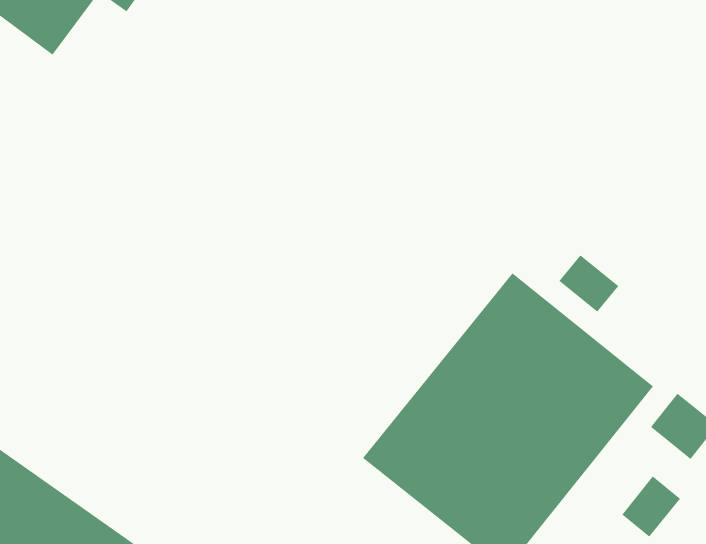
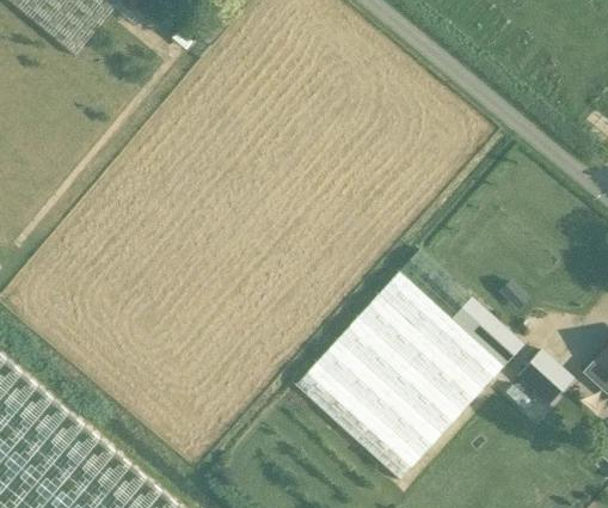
building: [558,255,619,312] -> none
building: [621,476,681,538] -> none

